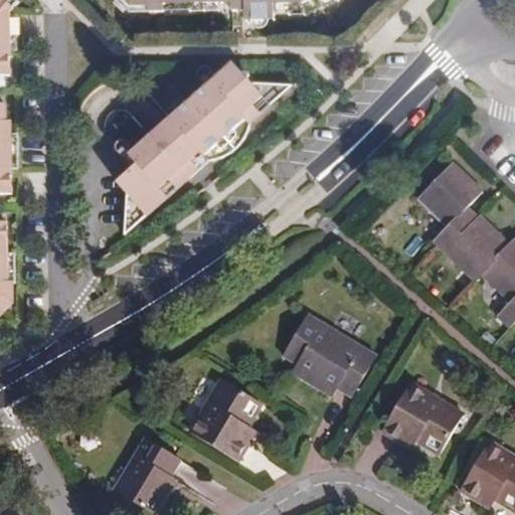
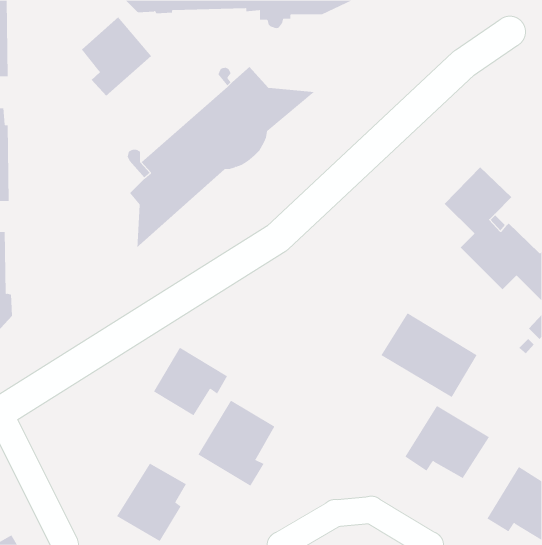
building: none -> [81,16,152,96]
building: [283,313,374,393] -> [381,312,478,398]
building: none -> [153,347,228,416]

